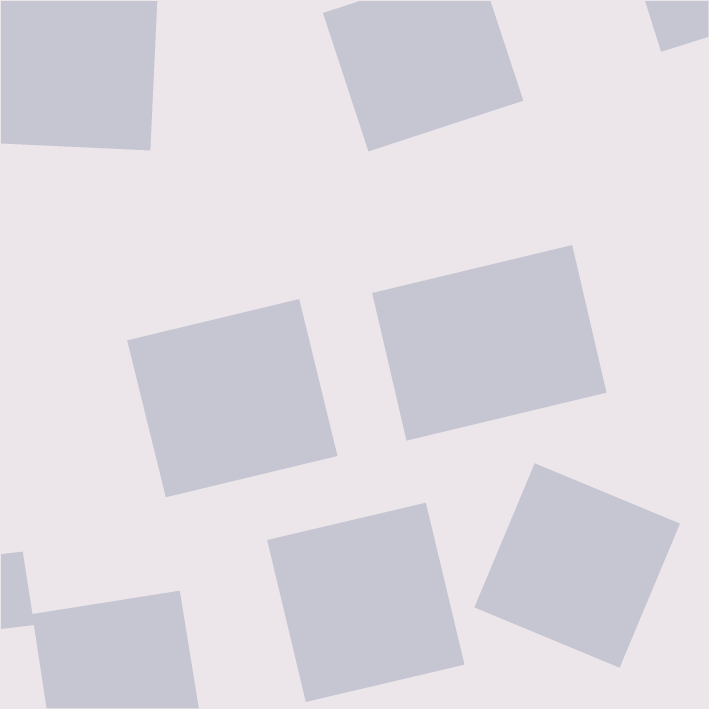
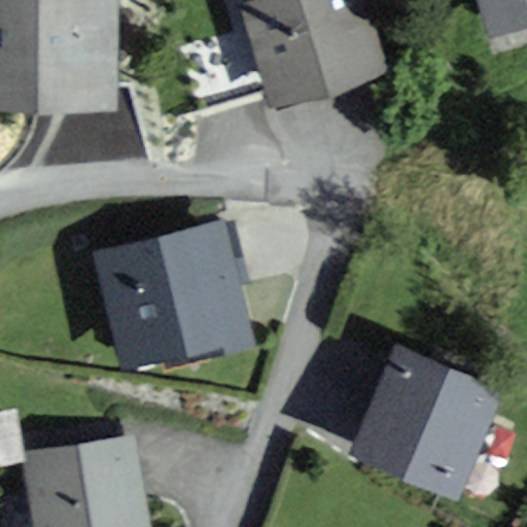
building: [371,244,607,441] -> none
building: [266,502,466,703] -> none

